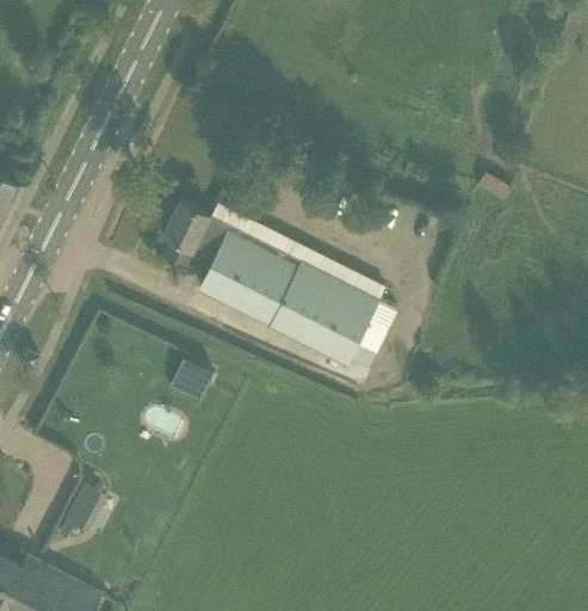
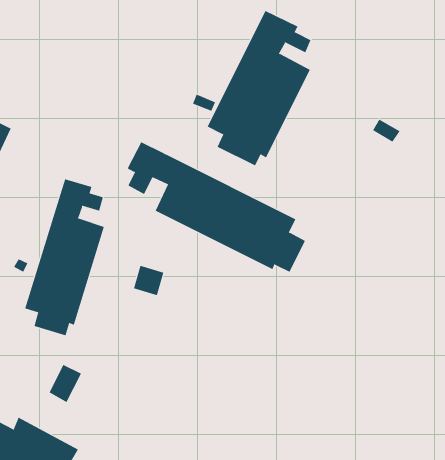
building: none -> [207,10,311,166]
building: none -> [25,179,104,336]

